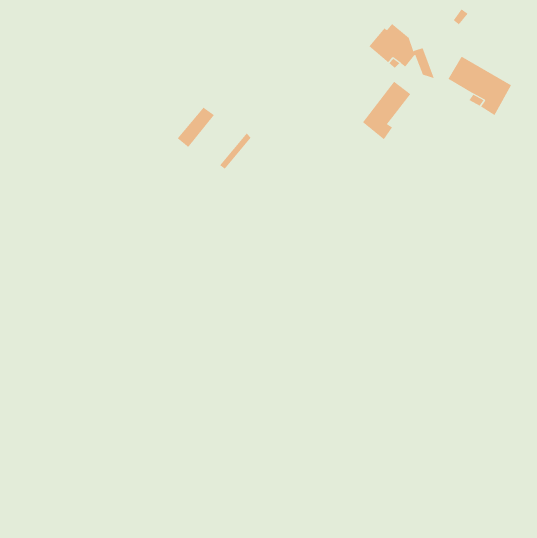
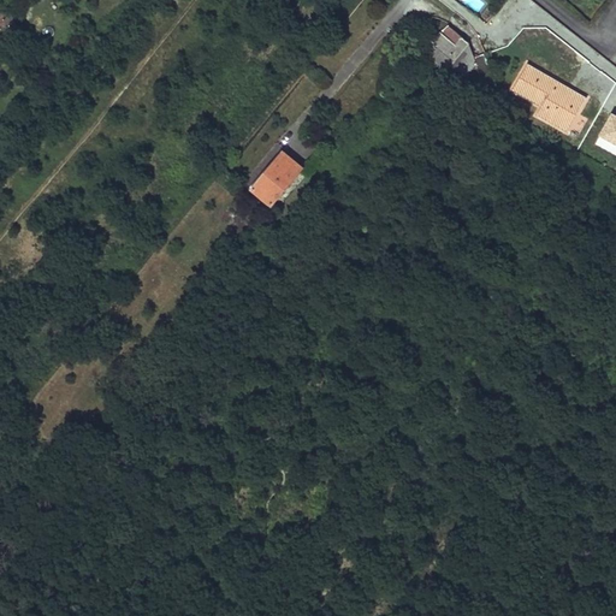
building: [362,81,411,140] -> none
building: [177,107,215,148] -> [257,158,301,205]

